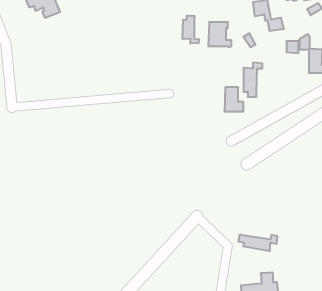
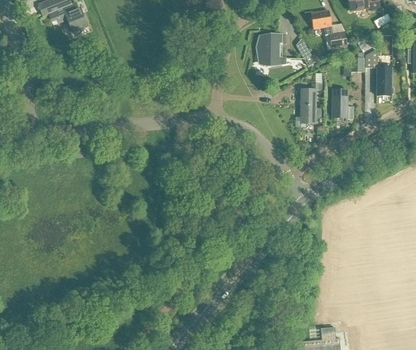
building: [182,15,199,44] -> none
building: [224,87,243,111] -> [331,90,353,118]
building: [239,234,277,251] -> none

